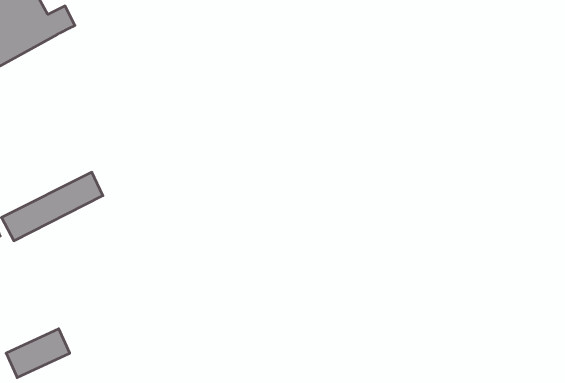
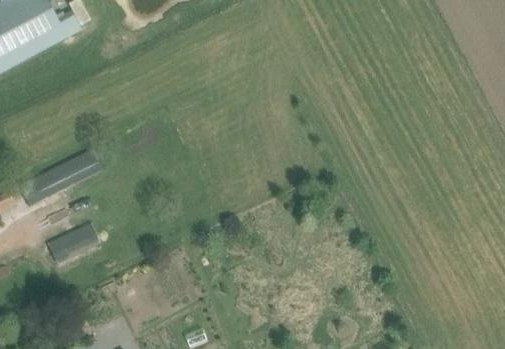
building: [6,329,70,378] -> [45,221,97,261]

